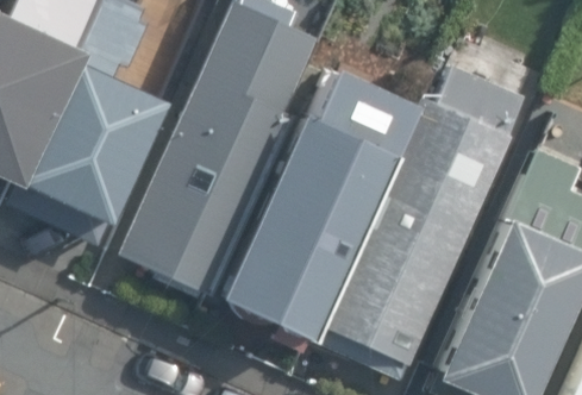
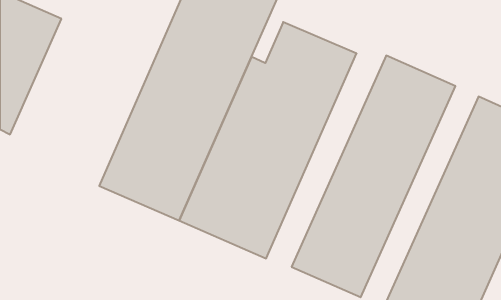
building: [19,64,161,231] -> none

